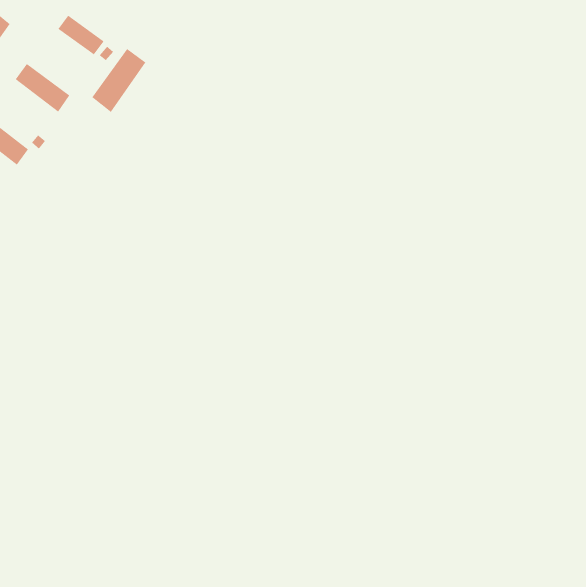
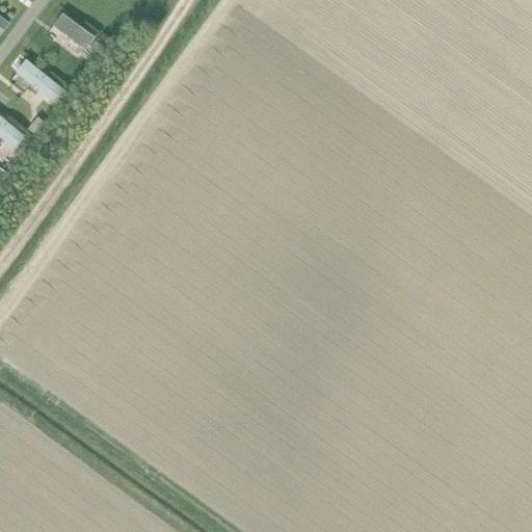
building: [91,48,146,113] -> none

